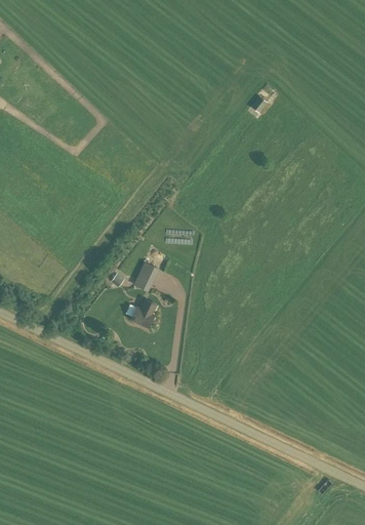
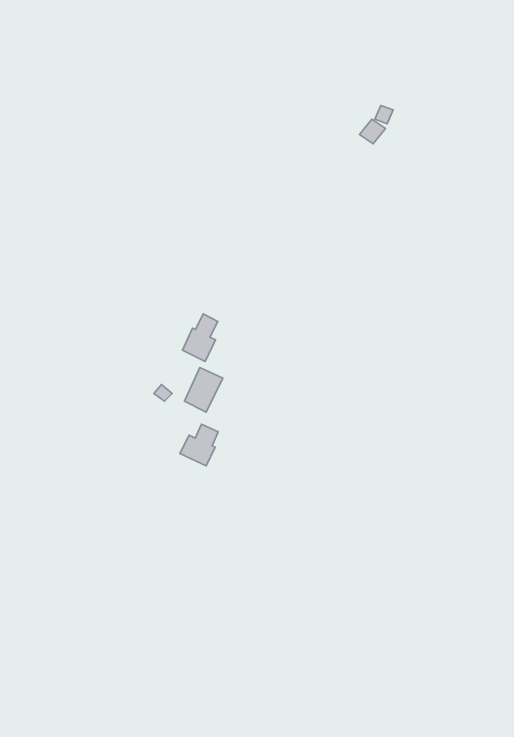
building: none -> [182,314,218,362]

